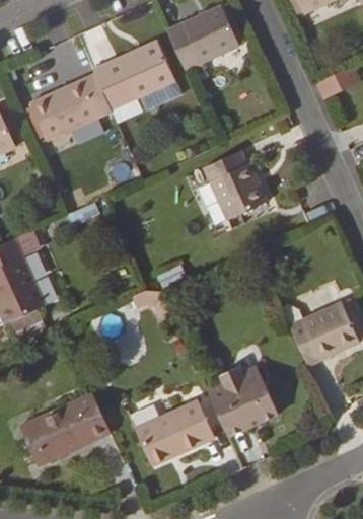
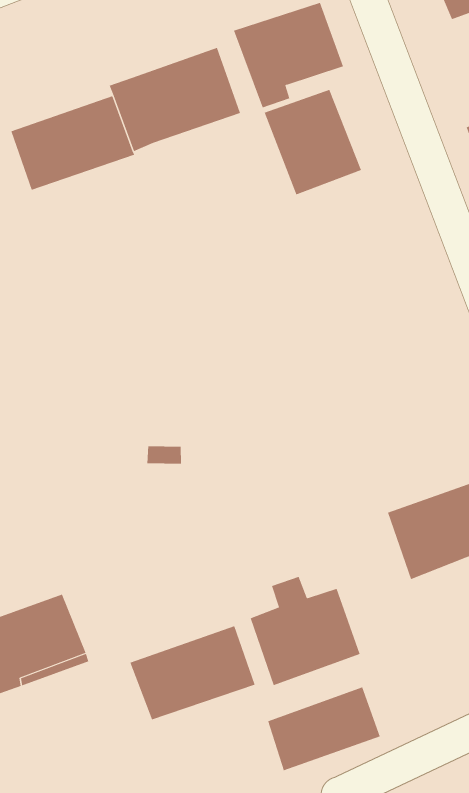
building: [196,154,260,222] -> [264,89,362,195]
building: none -> [268,686,381,771]

